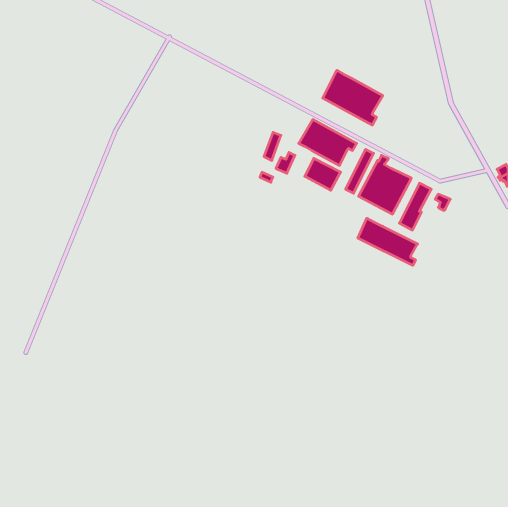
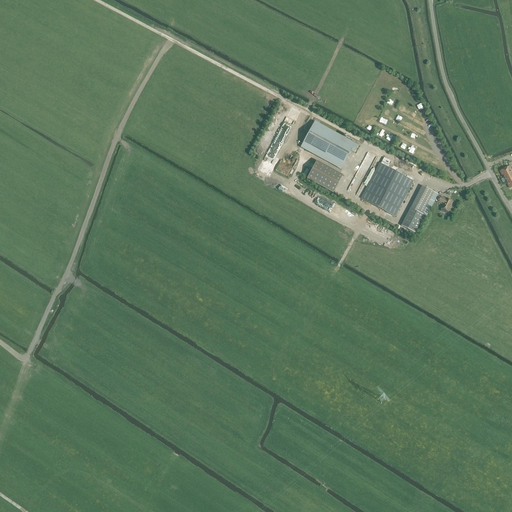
building: [323,70,383,125] -> none
building: [358,218,418,265] -> none

